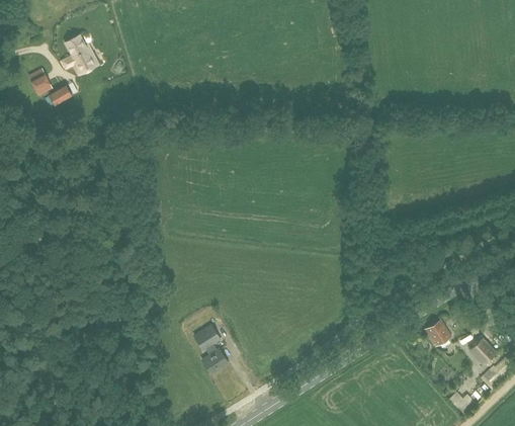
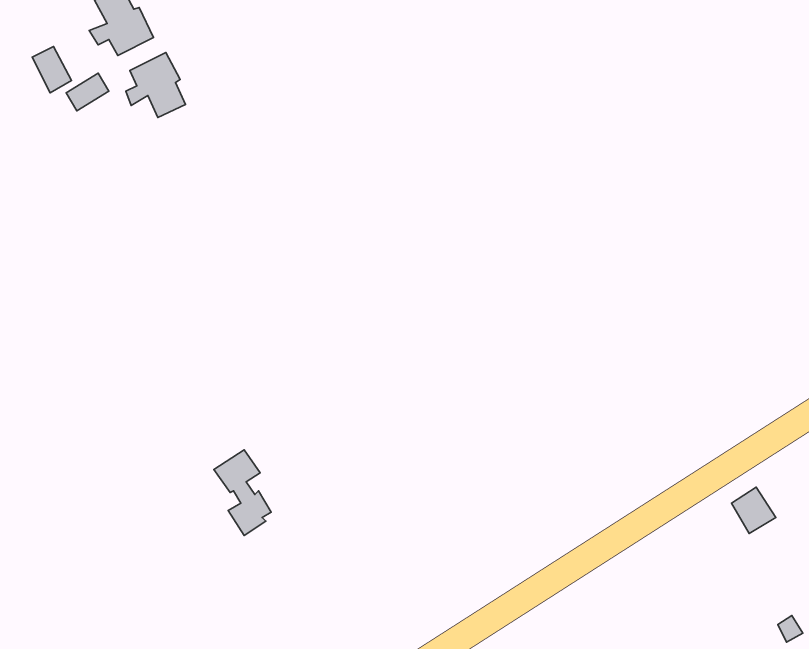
building: none -> [126,52,186,117]
building: [194,325,227,373] -> [214,450,271,535]

